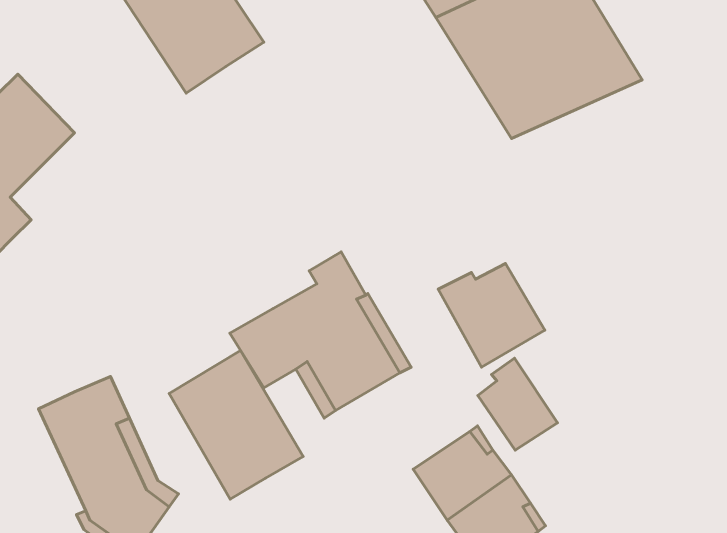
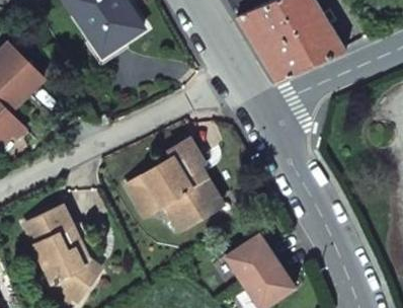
building: [438,263,545,367] -> none
building: [169,350,303,499] -> none
building: [478,358,558,450] -> none

